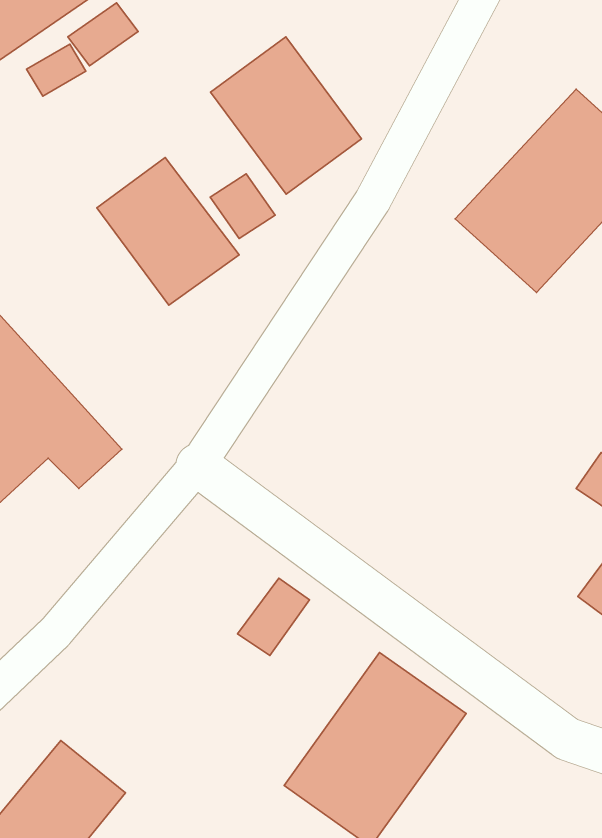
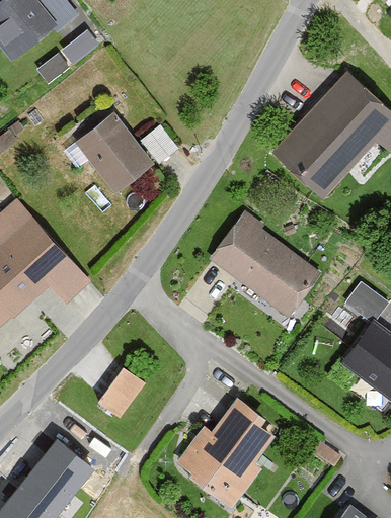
building: [210,37,361,194] -> none
building: none -> [207,211,323,318]
building: [238,578,310,656] -> [99,370,140,414]

